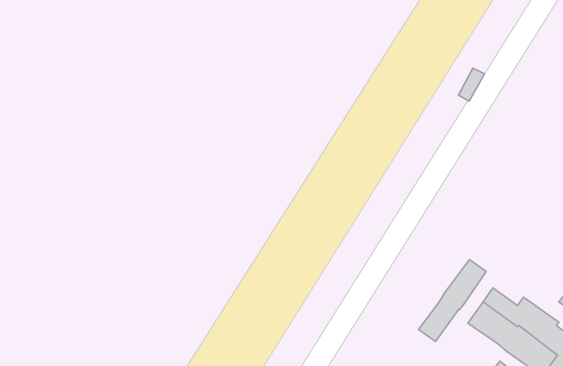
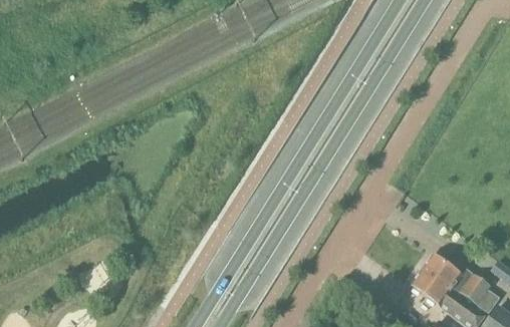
building: [419,259,486,342] -> none

